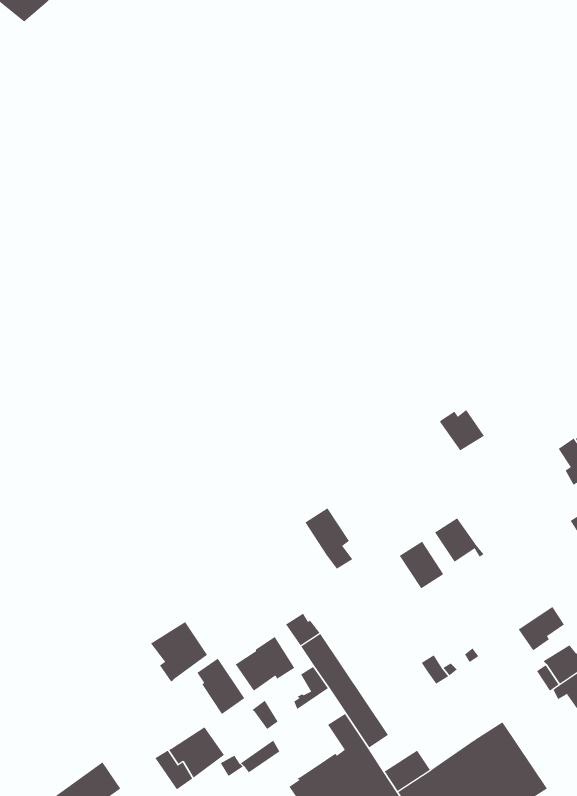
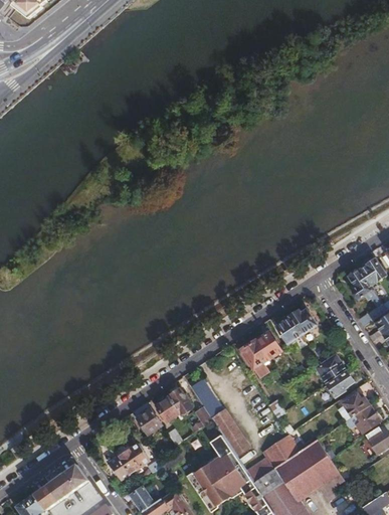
building: [440,409,485,451] -> [289,309,317,334]
building: [305,507,353,569] -> [240,340,269,377]
building: none -> [315,353,347,384]
building: [150,621,208,682] -> none
building: none -> [265,440,300,469]

